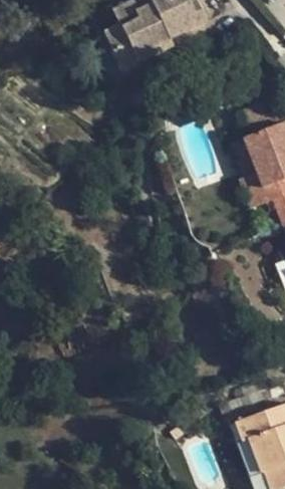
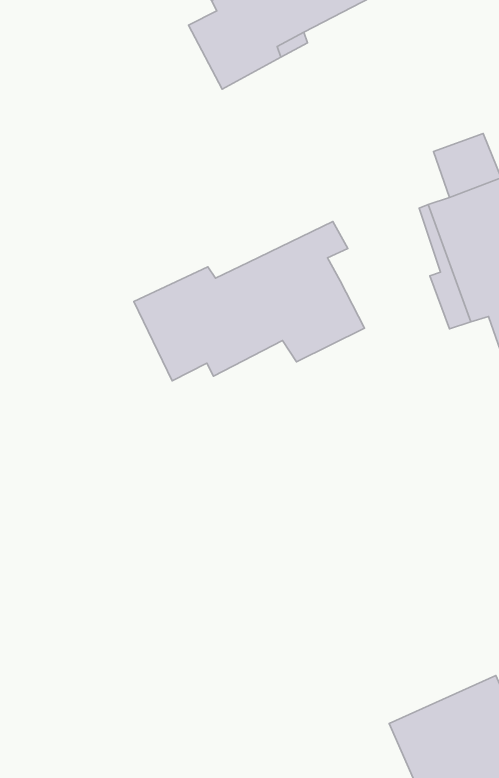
building: none -> [134,221,364,381]

